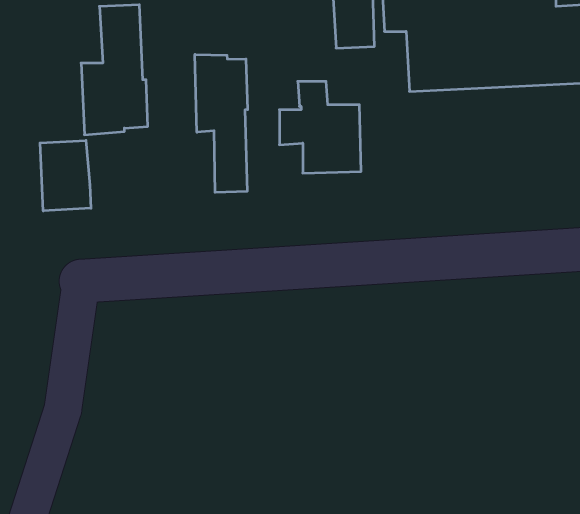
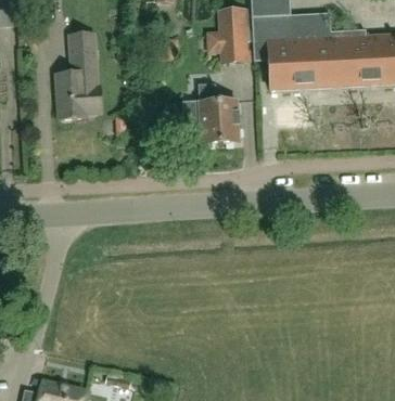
building: [195,54,248,192] -> none
building: [40,140,91,211] -> none

